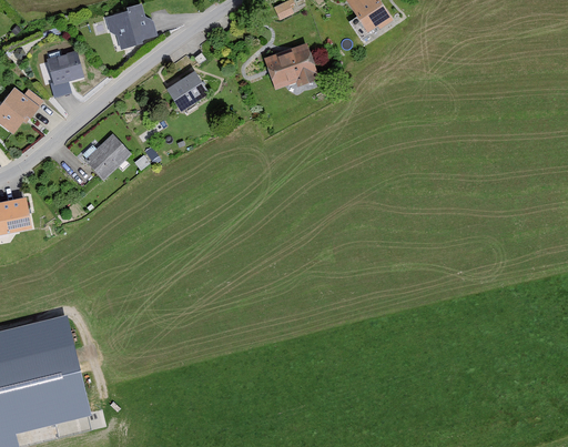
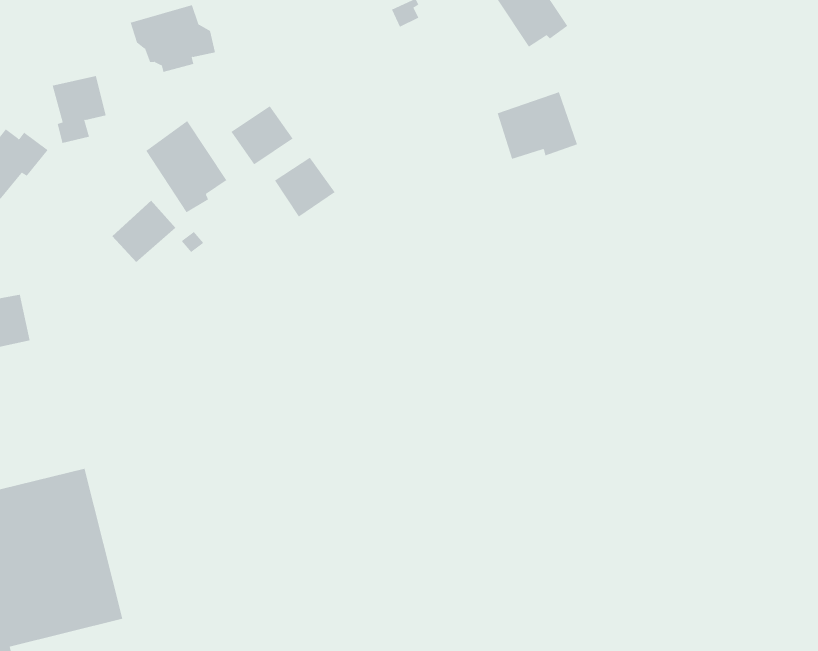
building: [264,43,318,89] -> [497,92,578,160]
building: none -> [145,120,227,213]
building: none -> [274,157,335,217]

